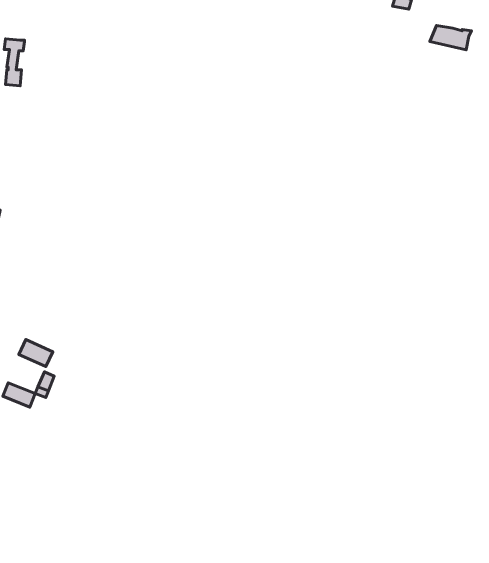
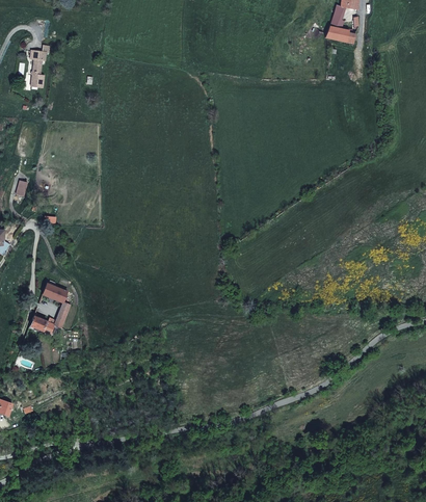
building: [430,25,472,50] -> [324,26,356,45]

